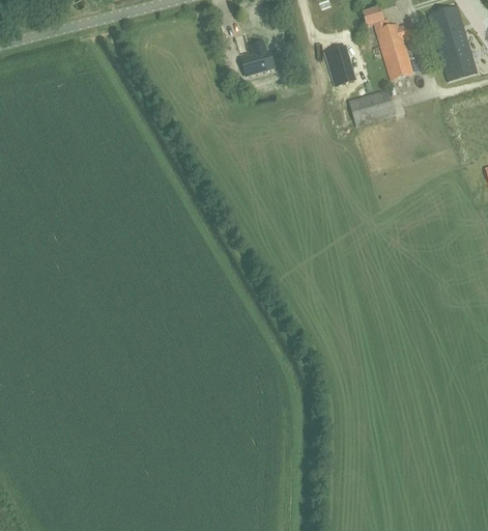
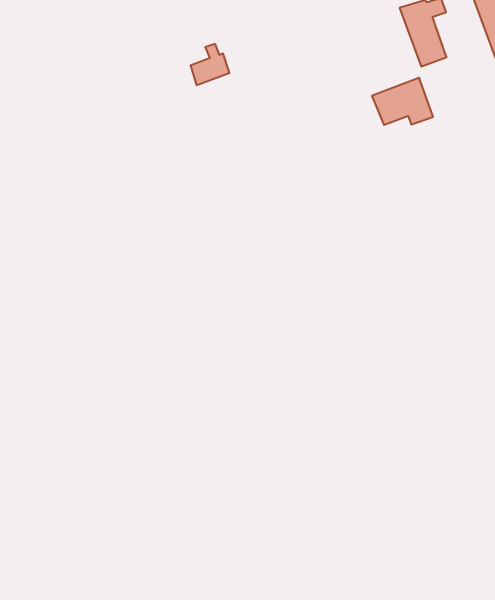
building: [240,41,272,75] -> [190,44,229,85]
building: [325,46,353,84] -> none

